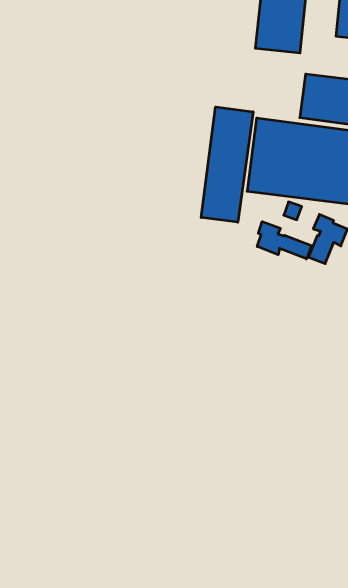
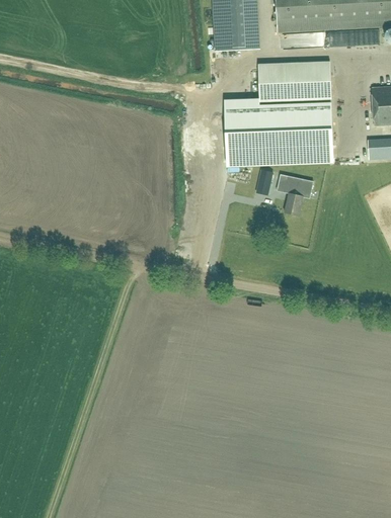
building: [201,107,253,222] -> none
building: [257,222,312,259] -> none

